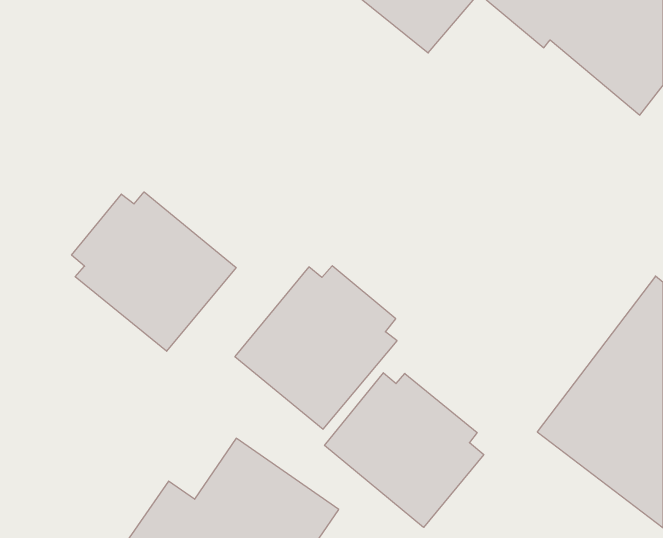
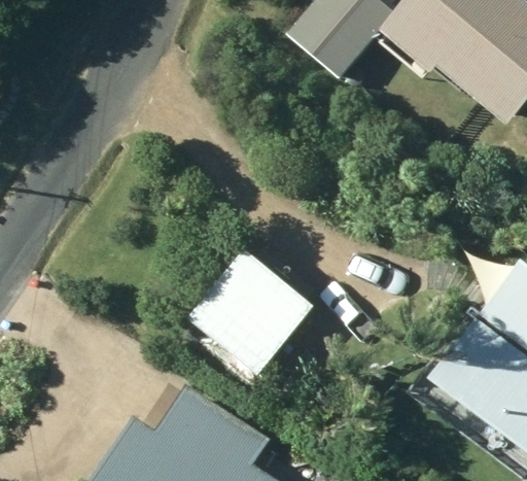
building: [72,192,236,351] -> none
building: [325,373,484,527] -> none

